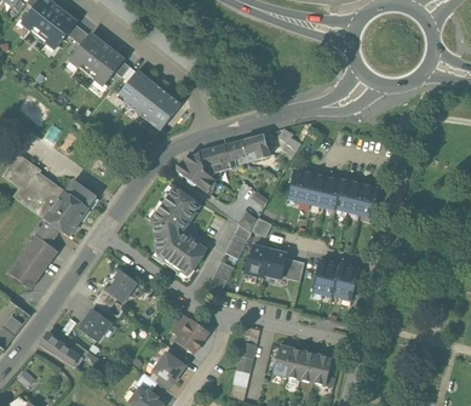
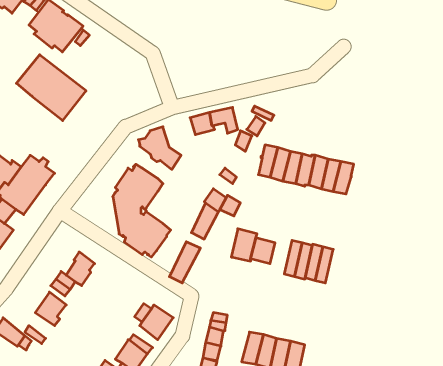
building: [116,69,182,131] -> [16,55,86,121]
building: [199,144,231,179] -> none
building: [245,245,269,278] -> none

